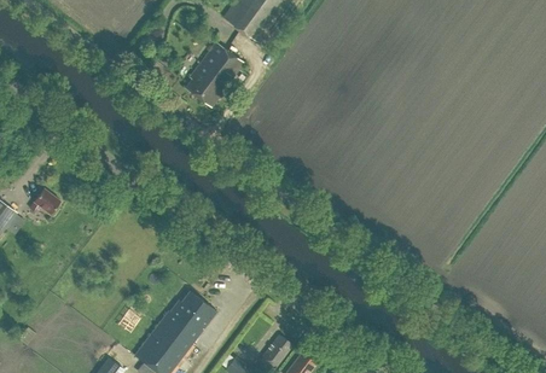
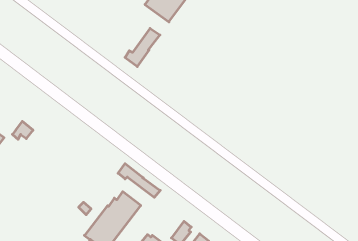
building: [185,41,230,95] -> none
building: none -> [118,164,160,197]

